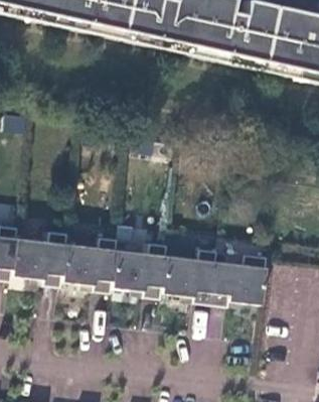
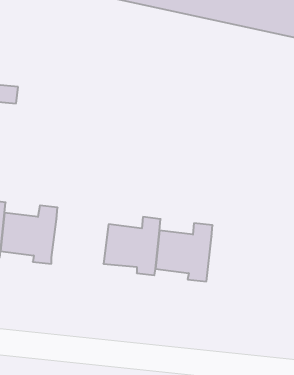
building: [62,236,119,292] -> none
building: [212,253,269,305] -> none

